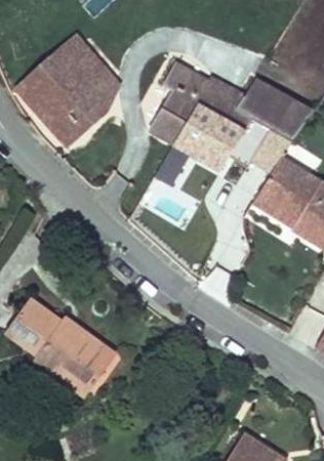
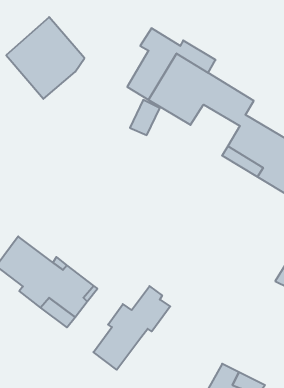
building: [56,43,114,151] -> none
building: [238,83,308,143] -> none
building: none -> [93,286,170,370]

